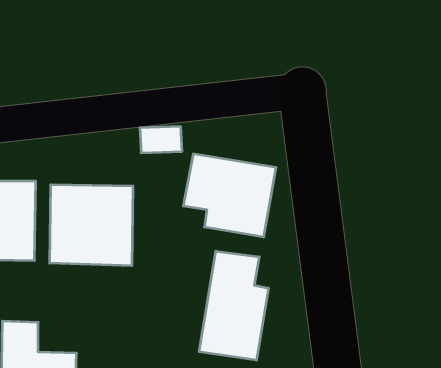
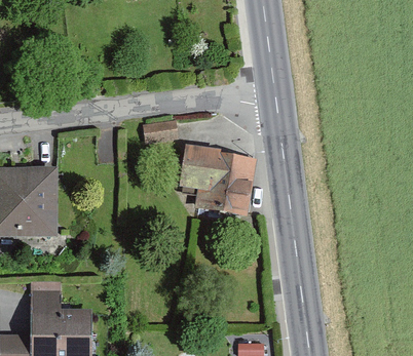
building: [50,185,133,266] -> none
building: [199,251,268,360] -> none

